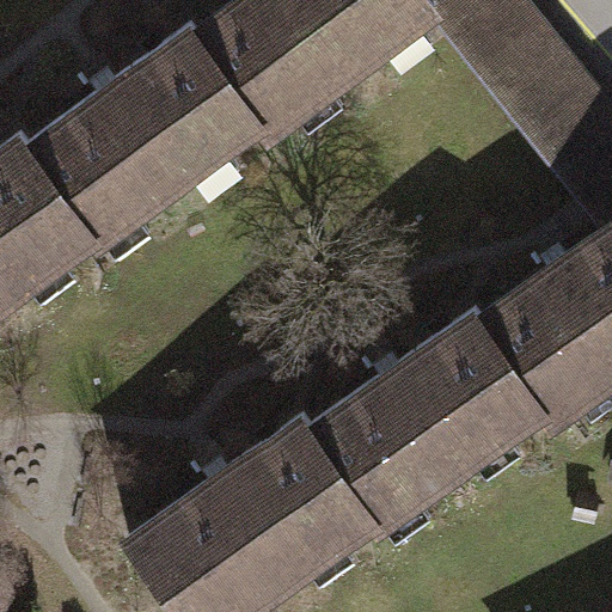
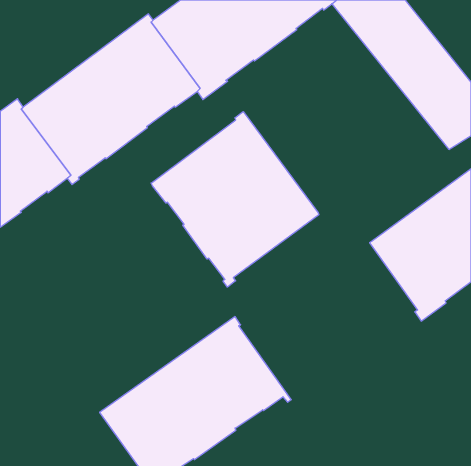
building: none -> [151,112,319,287]
building: [310,311,541,525] -> none

